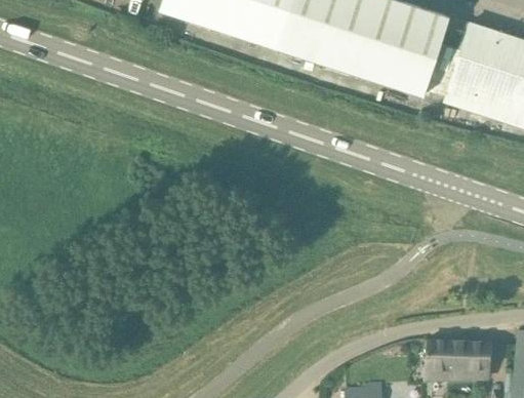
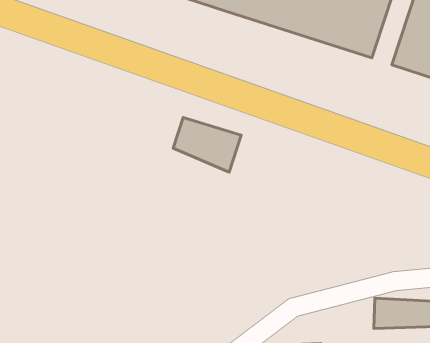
building: none -> [173,117,241,172]

